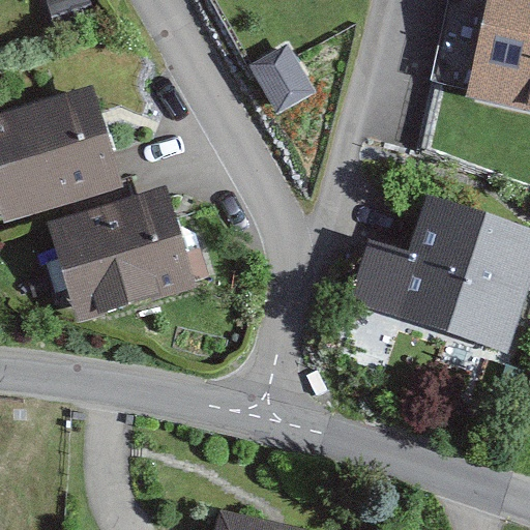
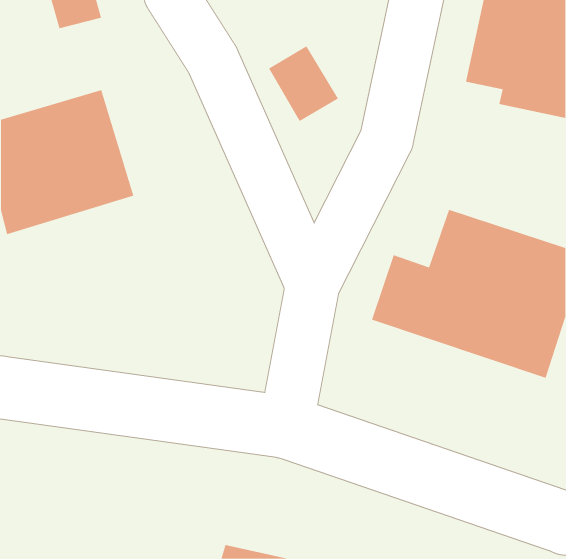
building: [47,184,196,321] -> none

